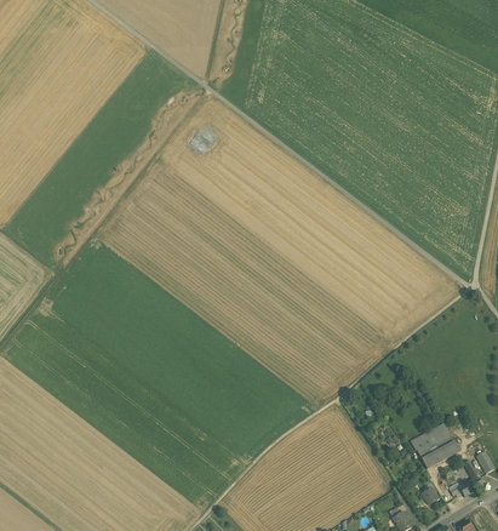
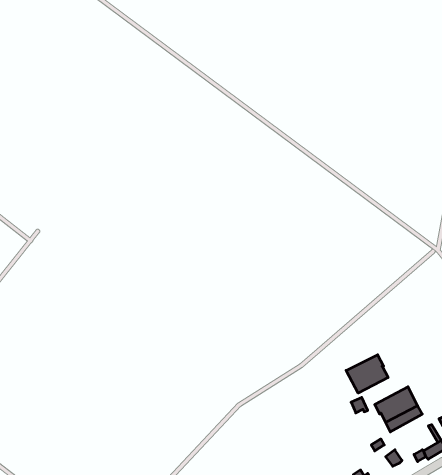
building: none -> [346,355,388,393]

